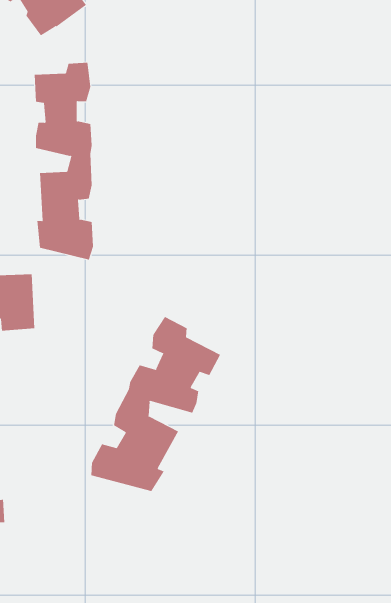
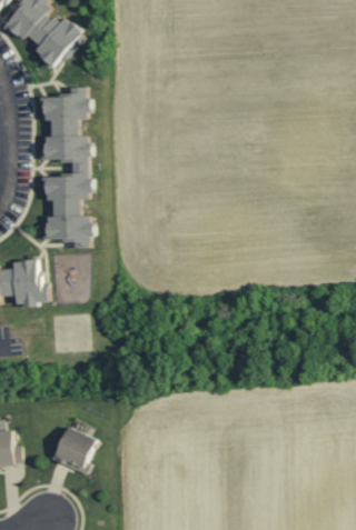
building: [91,316,221,492] -> none
building: none -> [47,423,91,471]

